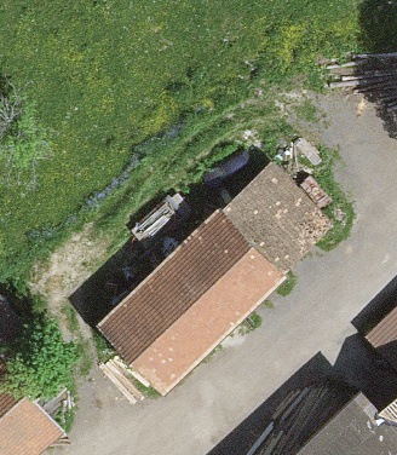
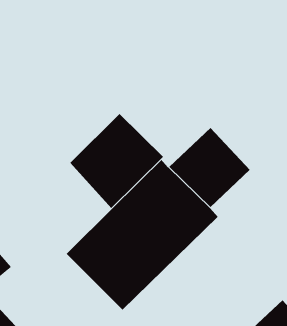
building: none -> [69,113,164,209]

